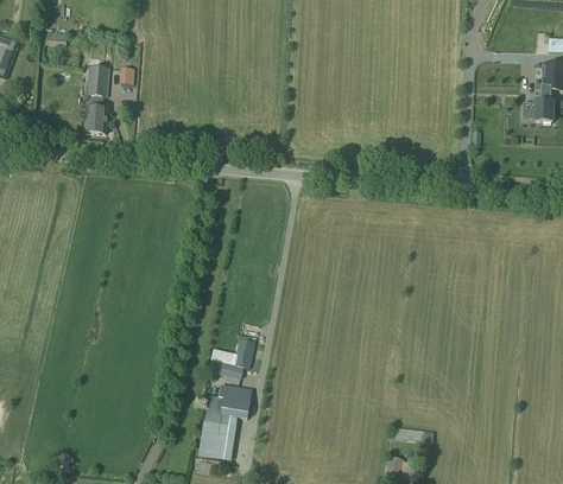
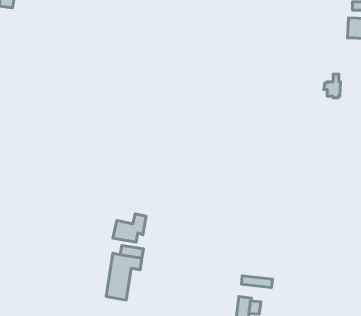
building: [88,65,109,95] -> none
building: [530,89,553,122] -> [324,74,341,98]
building: [84,106,108,133] -> none

